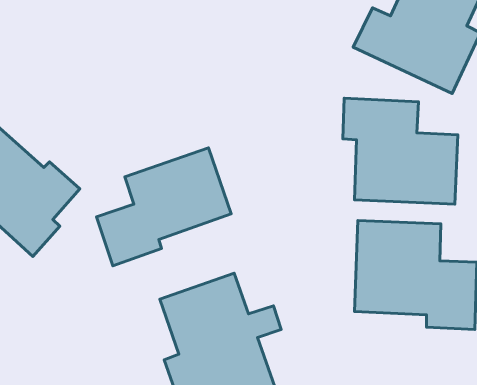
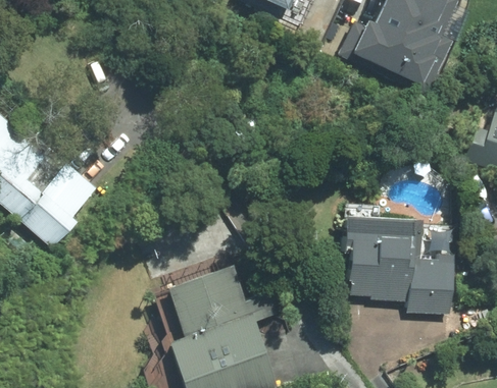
building: [343,98,458,204] -> none
building: [96,148,231,266] -> none

